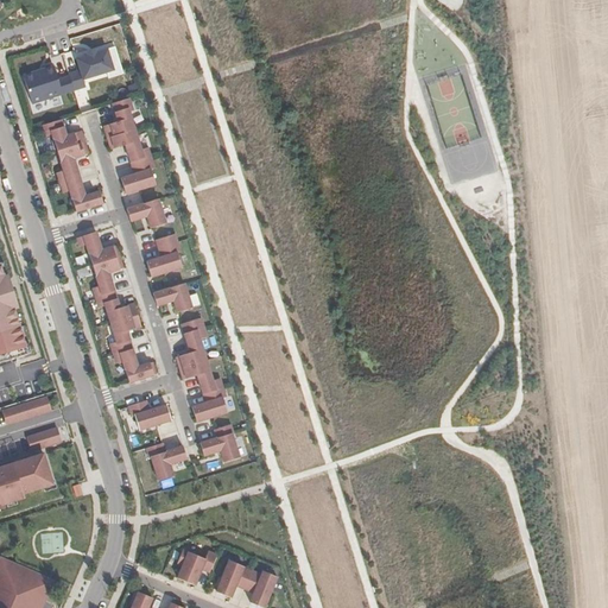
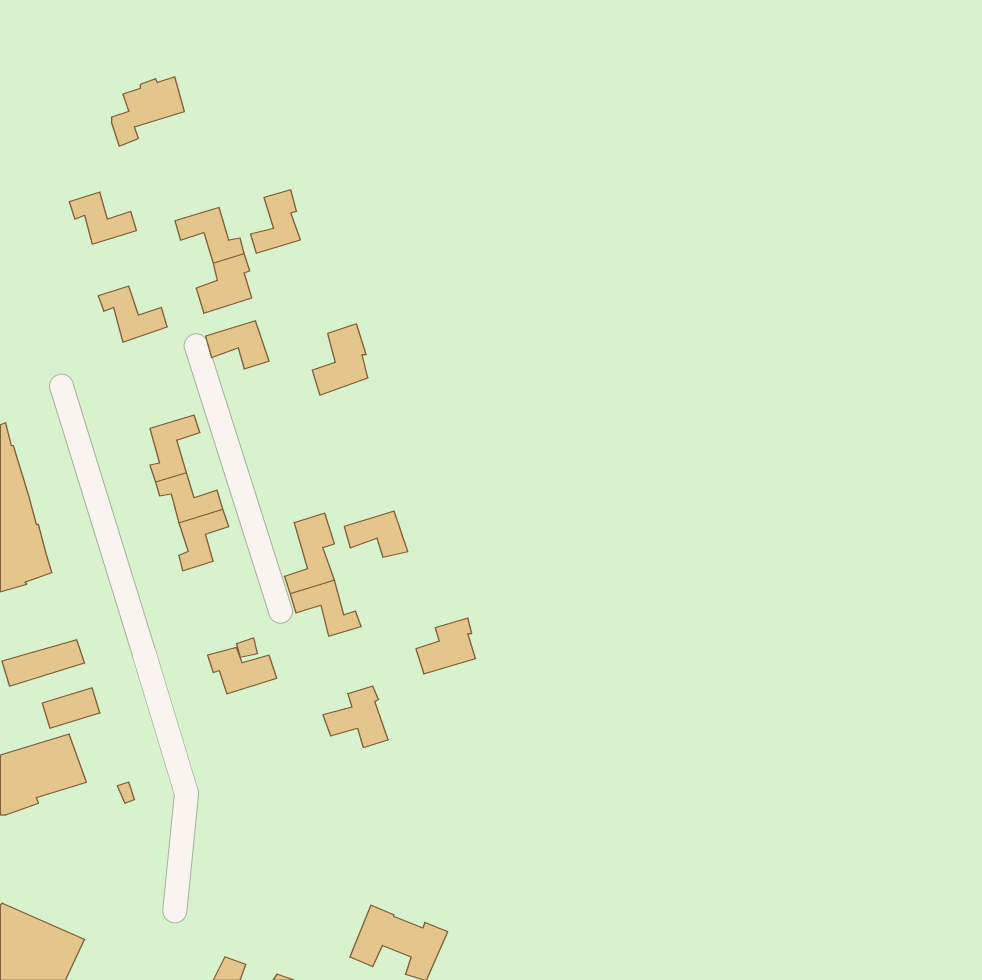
building: [23,65,74,103] -> none
building: [104,97,135,137] -> [250,190,300,253]
building: [57,142,88,183] -> none
building: [77,232,120,265] -> none
building: [147,233,182,277] -> [312,324,368,395]
building: [153,283,192,311] -> [344,511,408,557]
building: [113,347,156,381] -> none
building: [191,387,228,422] -> [416,618,476,674]
building: [146,443,188,481] -> none
building: [178,549,217,584] -> none

